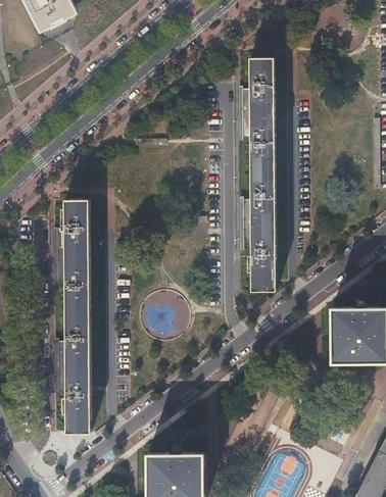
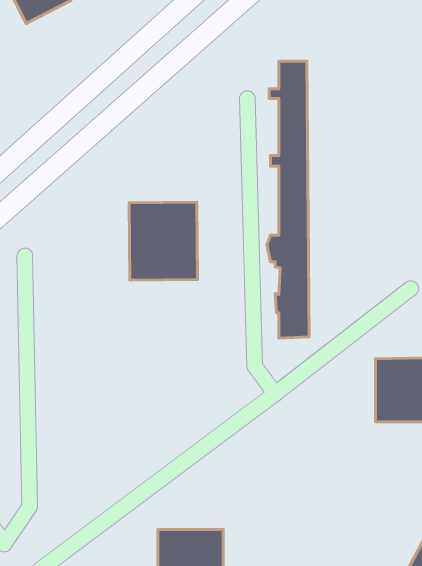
building: none -> [129,202,197,280]
building: [53,199,90,433] -> none

